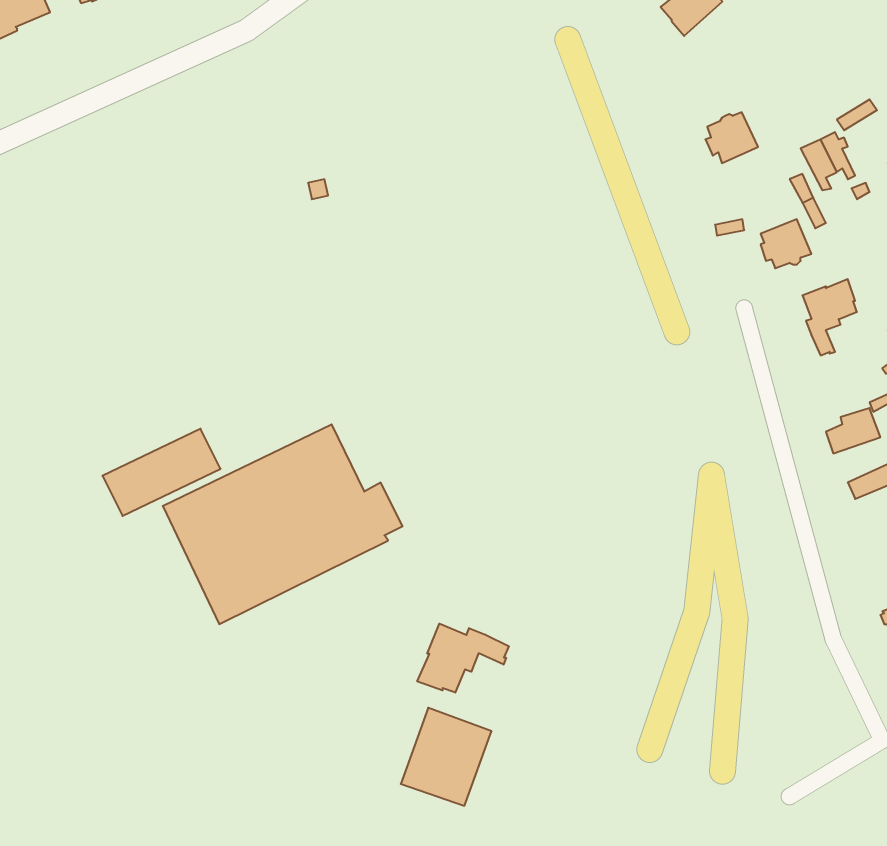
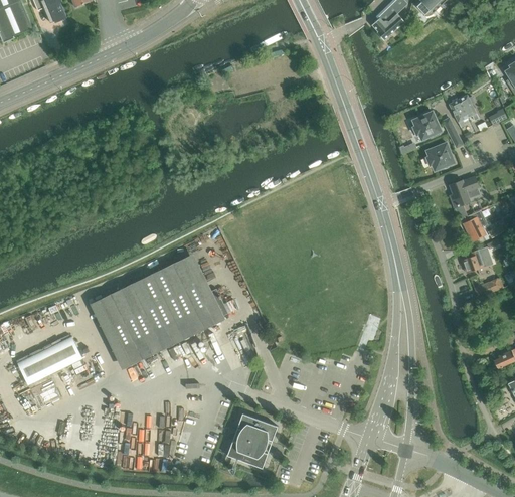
building: [705,112,758,163] -> [411,112,441,140]
building: none -> [461,211,486,242]
building: [102,429,221,516] -> [16,337,81,385]
building: [417,624,509,693] -> none

